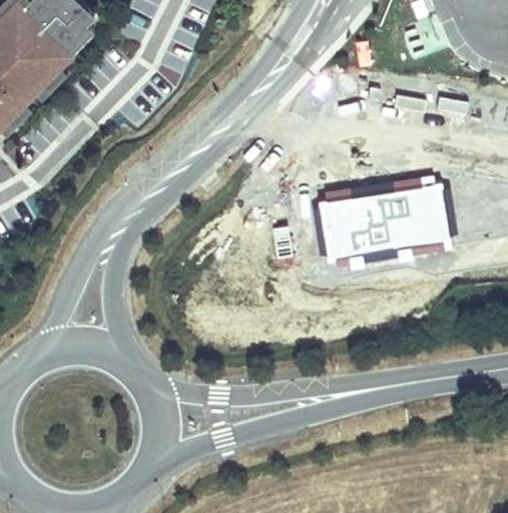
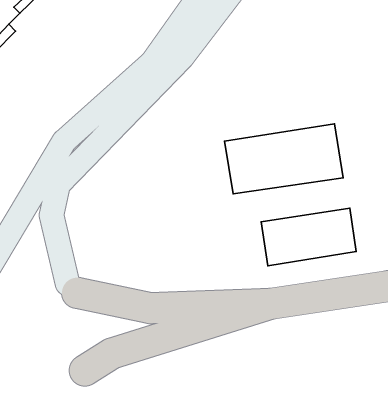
building: none -> [261,208,356,266]

